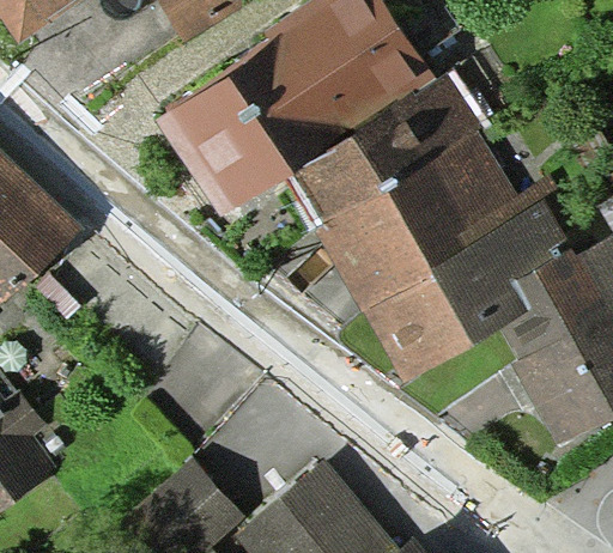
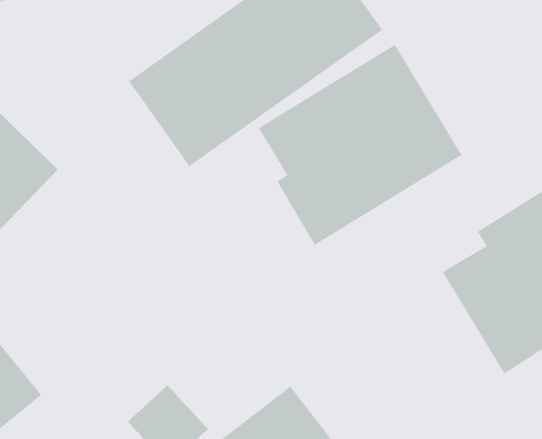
building: [362,209,557,381] -> none

